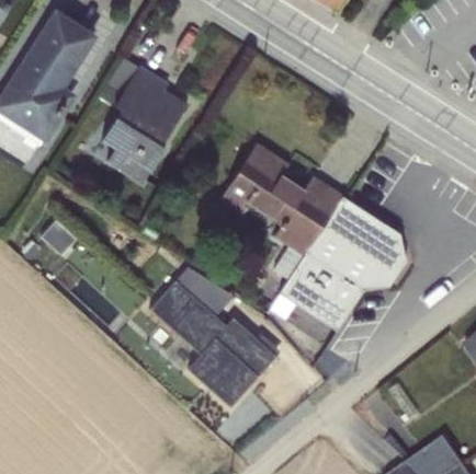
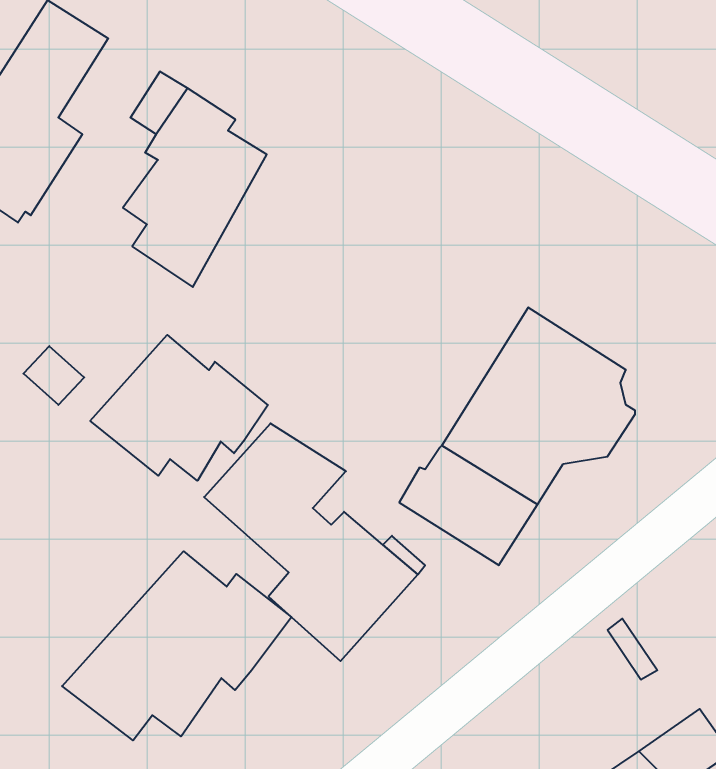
building: [219,143,342,279] -> none
building: none -> [90,335,268,481]
building: none -> [62,551,291,740]

